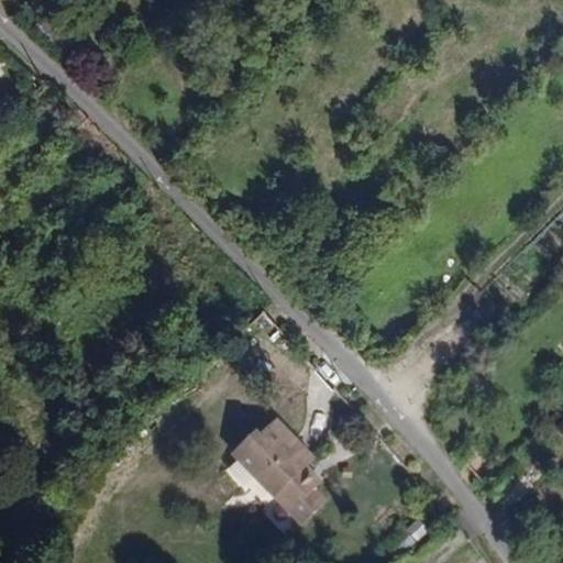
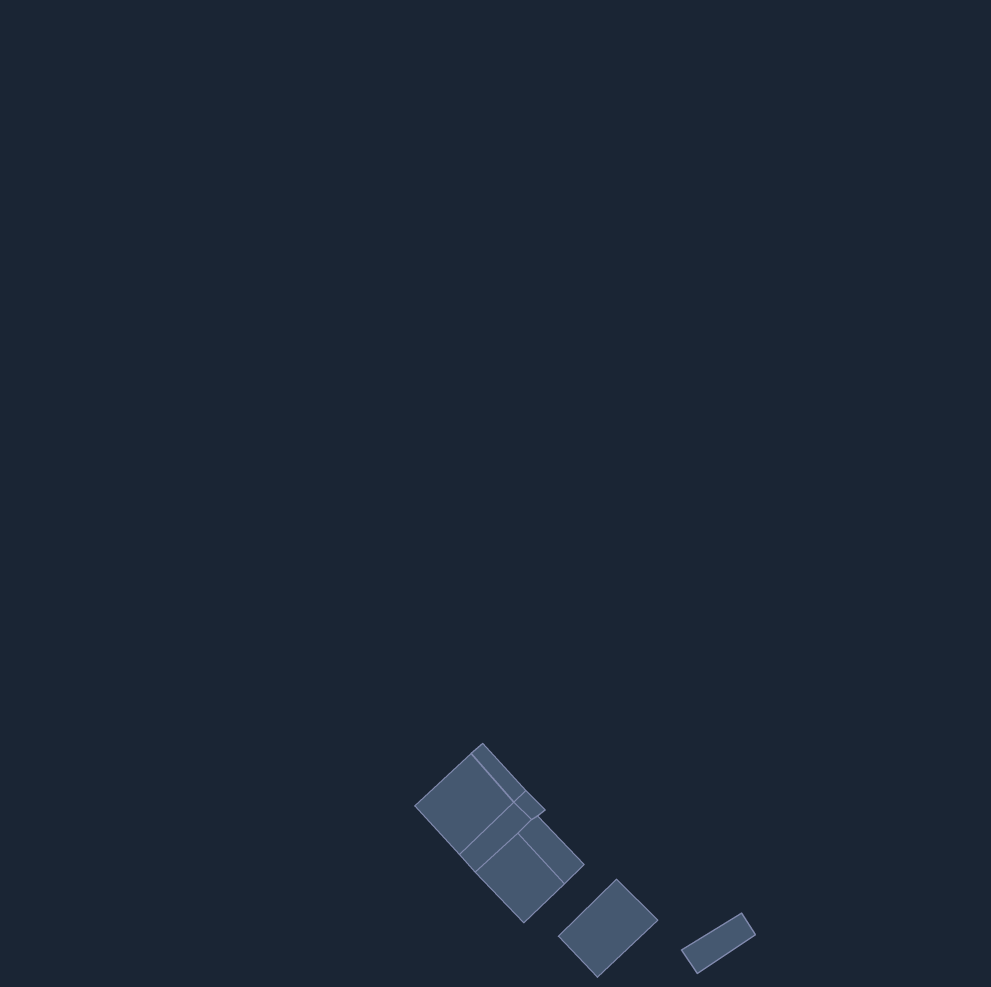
building: none -> [558,879,658,977]

